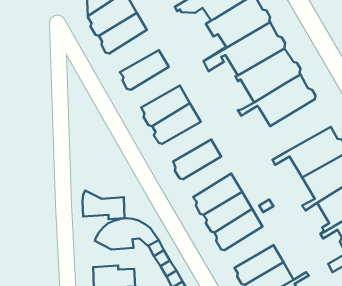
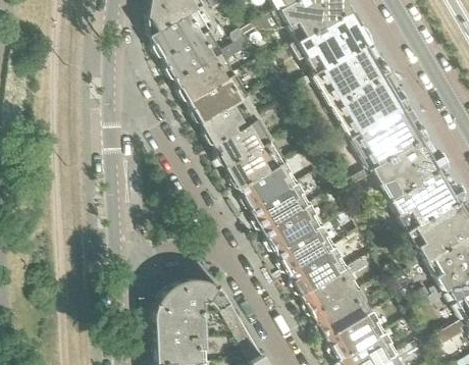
building: none -> [175,51,236,102]
building: none -> [202,96,261,145]
building: none -> [355,135,446,198]
building: none -> [240,162,299,210]
building: none -> [265,204,323,253]
building: [82,190,125,219] -> [155,306,206,341]
building: none -> [315,289,374,338]

